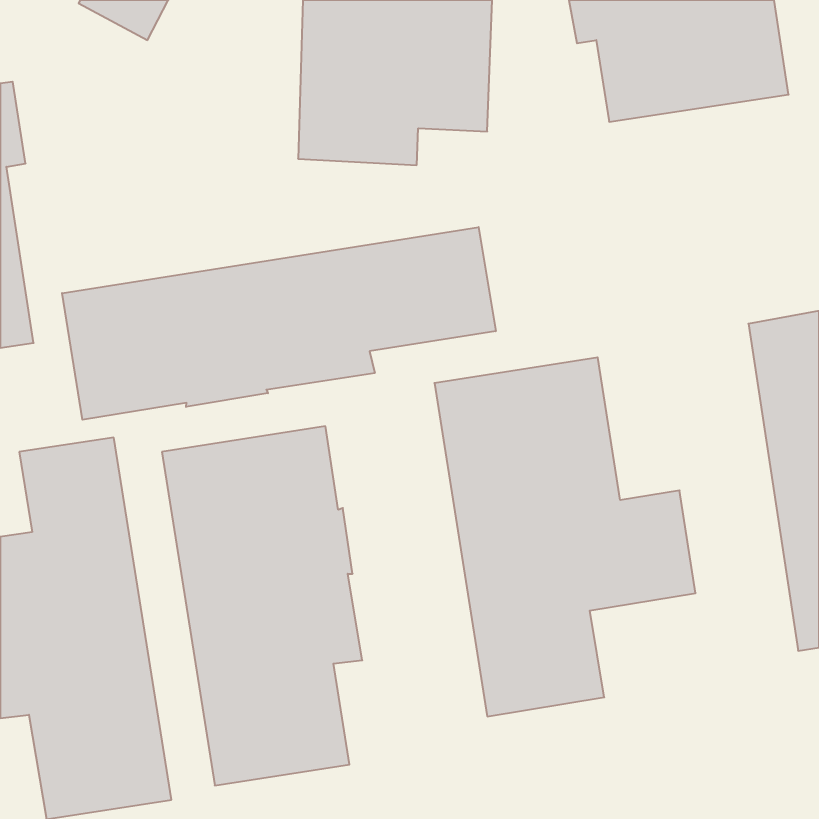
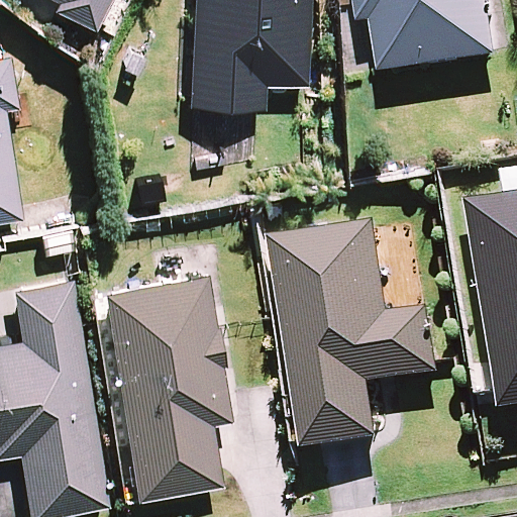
building: [62,227,496,420] -> none

